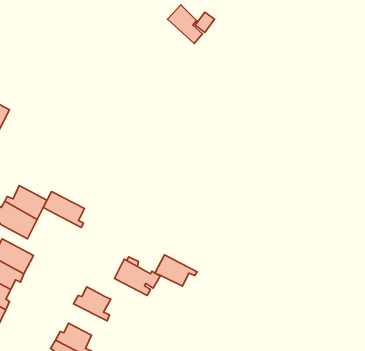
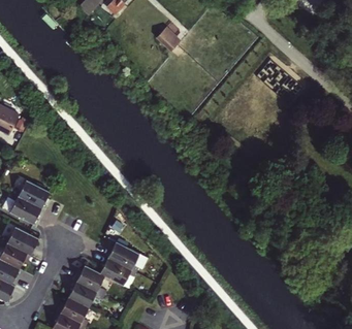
building: [43,191,85,227] -> none
building: [155,255,197,286] -> [100,259,136,286]
building: none -> [69,281,102,307]

